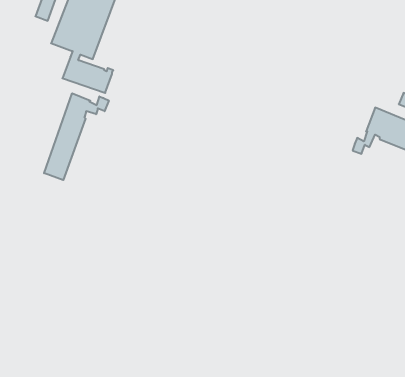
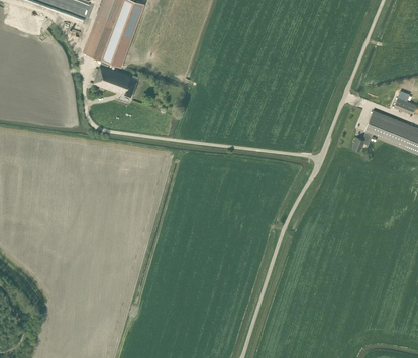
building: [44,93,109,180] -> none

